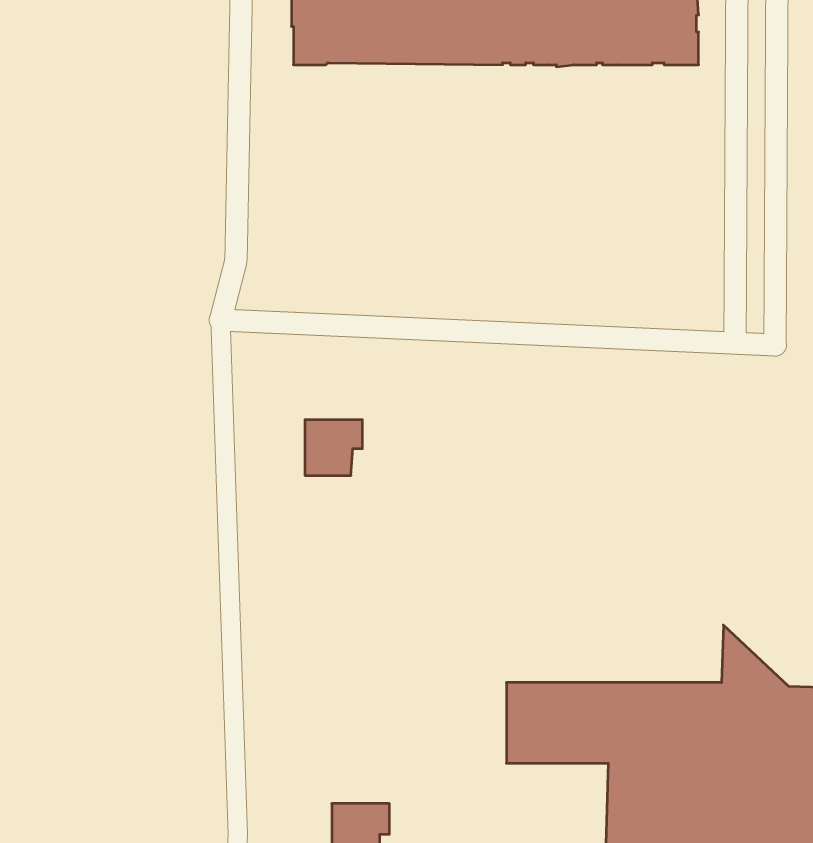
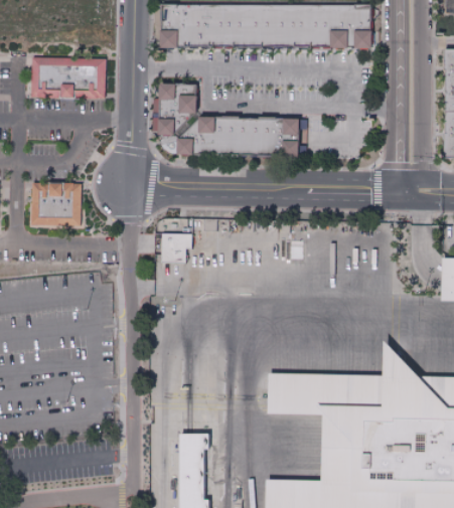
building: none -> [30,57,106,100]
building: none -> [161,83,302,155]
building: none -> [32,184,82,226]

